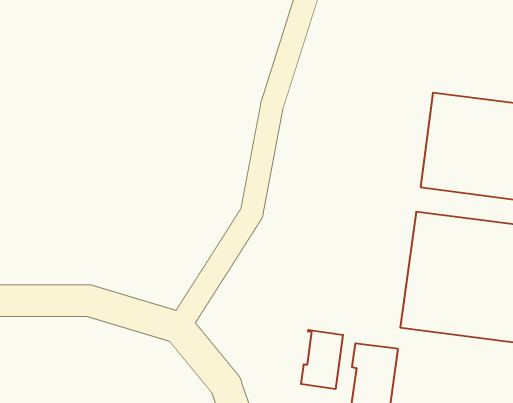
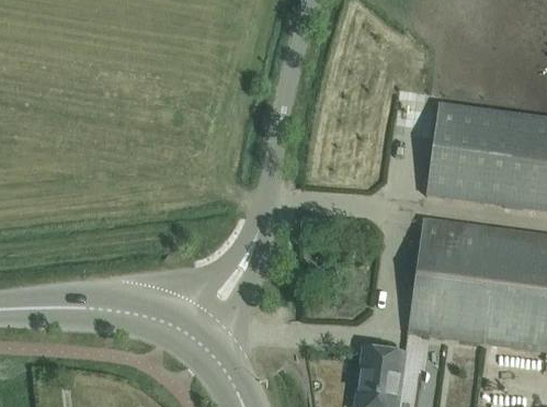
building: [301,330,343,389] -> none

